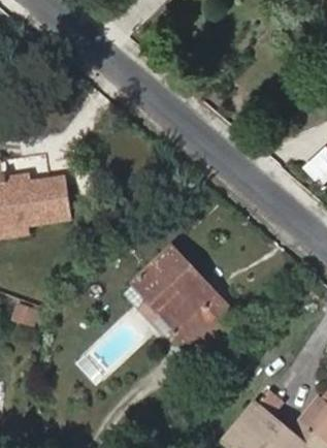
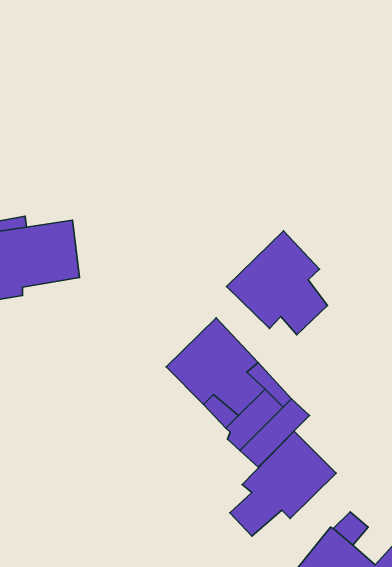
building: none -> [227,231,328,335]
building: none -> [230,431,336,536]

